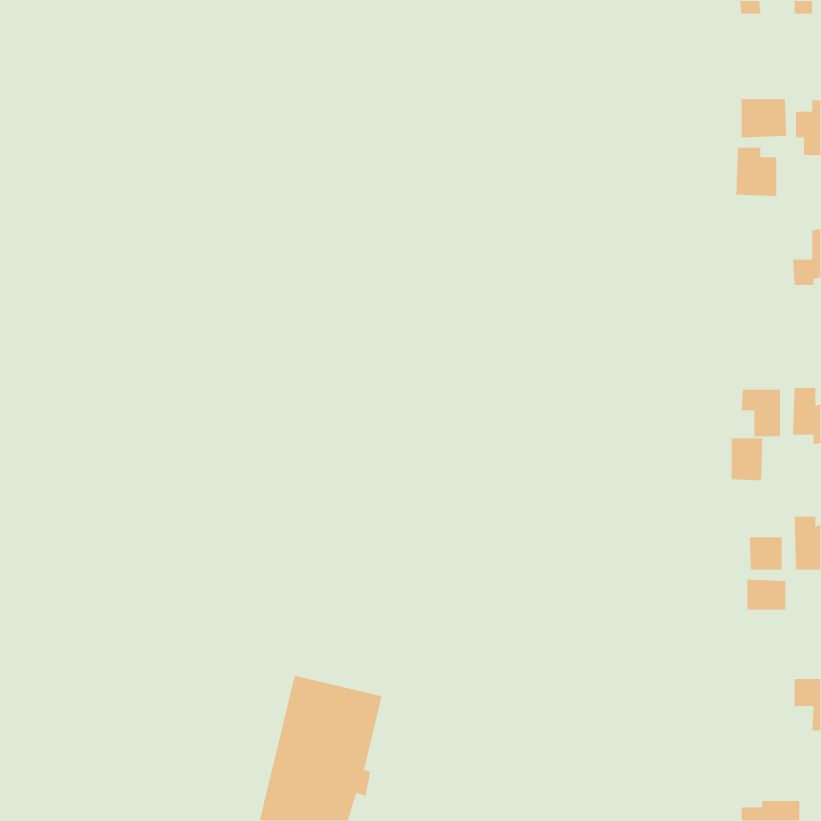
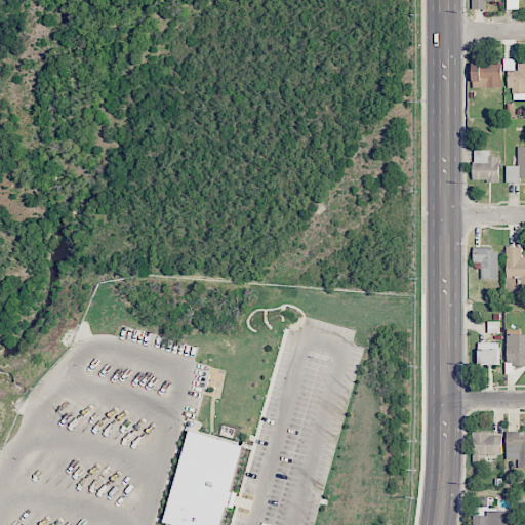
building: [735,147,777,197] -> [473,150,499,181]
building: [731,437,763,481] -> none
building: [746,579,786,611] -> none
building: none -> [472,433,502,457]

